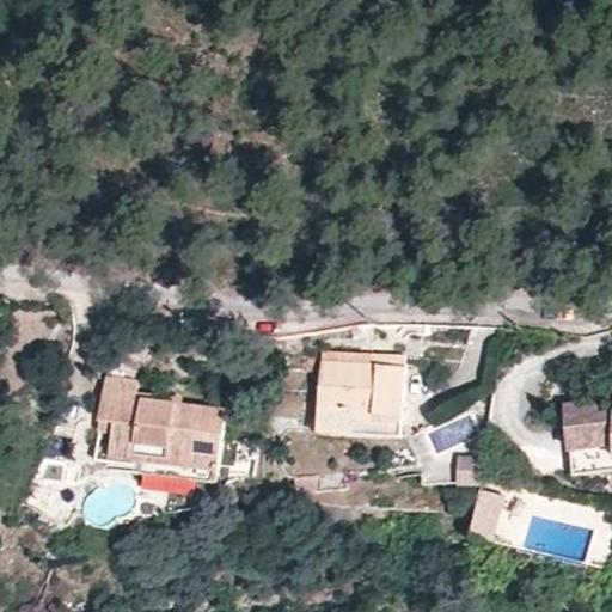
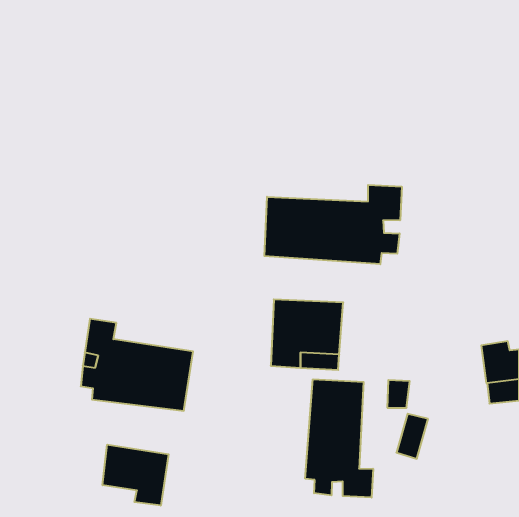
building: none -> [264,185,402,264]
building: none -> [305,379,373,498]
building: none -> [103,445,169,506]

